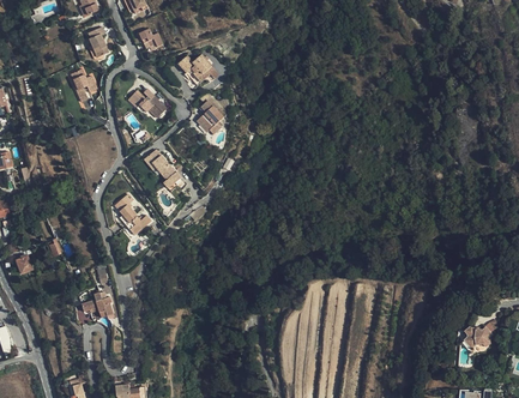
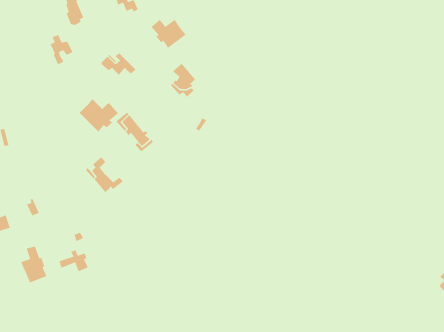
building: none -> [79,98,119,133]
building: none -> [20,246,47,284]

